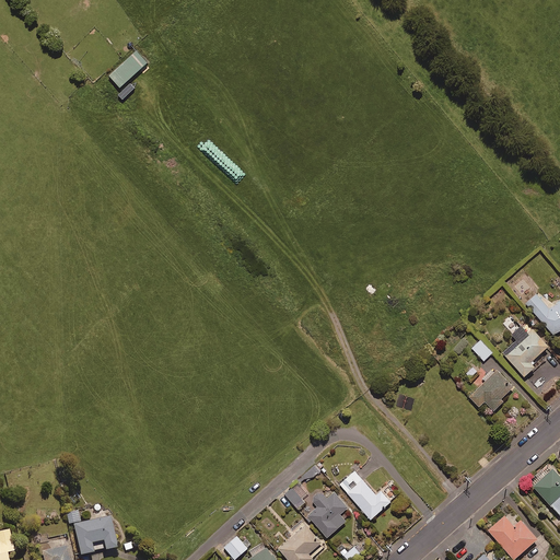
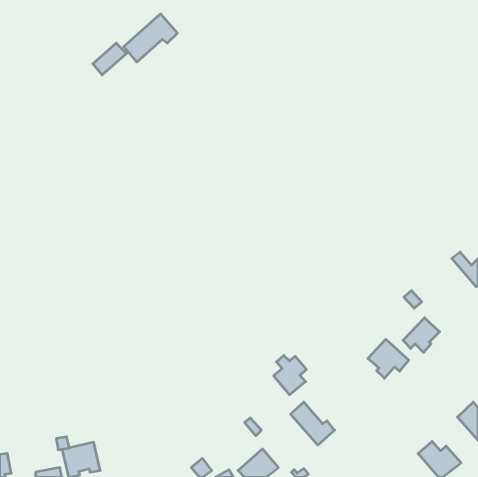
building: none -> [124,14,177,62]
building: [503,327,548,376] -> none
building: none -> [368,339,409,378]
building: [308,491,347,537] -> [274,355,306,395]

